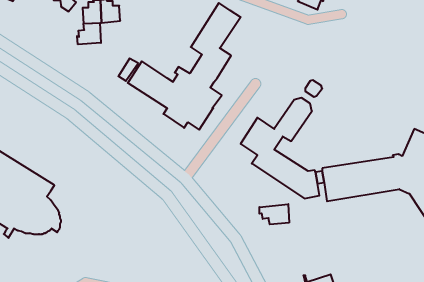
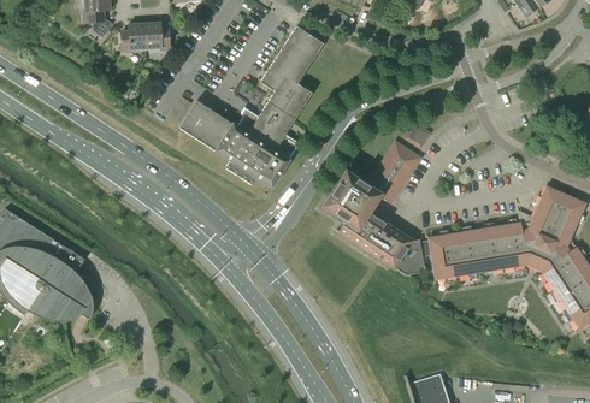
building: [77,23,101,44] -> none
building: [259,204,289,224] -> none

